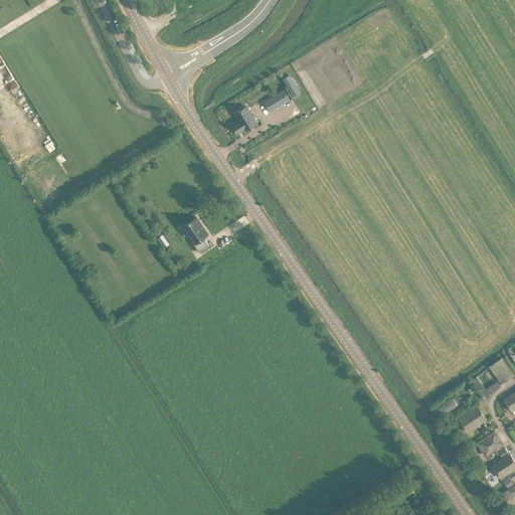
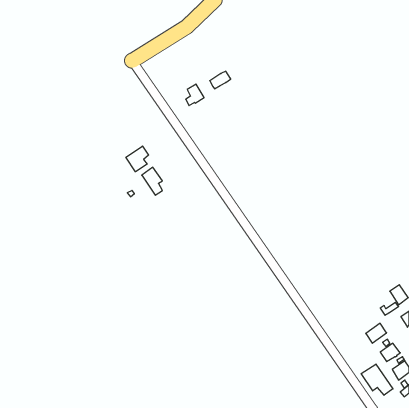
building: none -> [126,146,149,172]
building: none -> [361,364,393,395]

